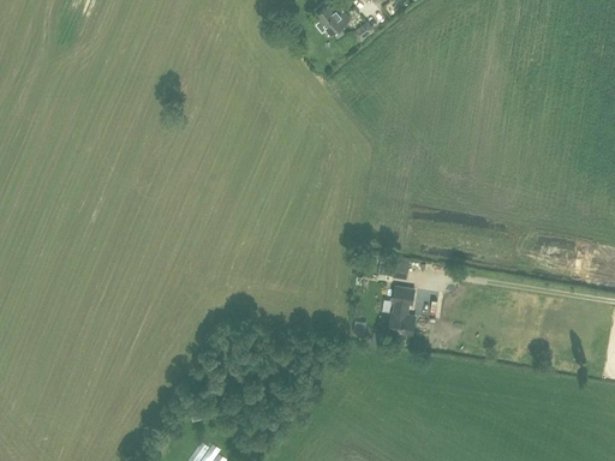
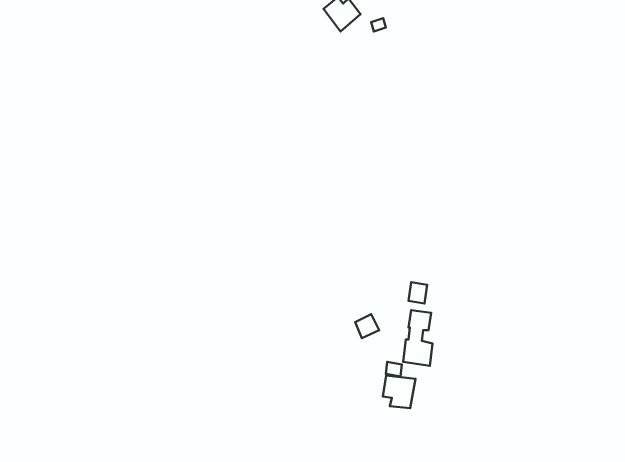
building: none -> [383,376,415,408]

